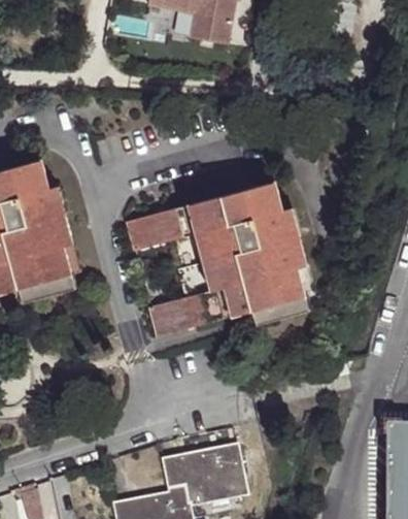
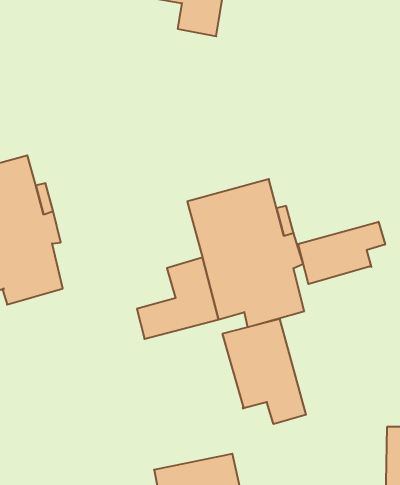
building: [124,203,210,267] -> none
building: none -> [298,222,385,284]
building: none -> [223,319,306,424]

